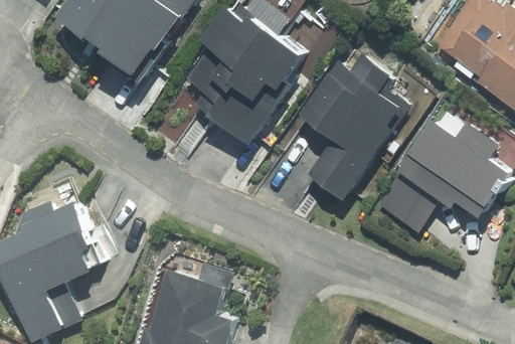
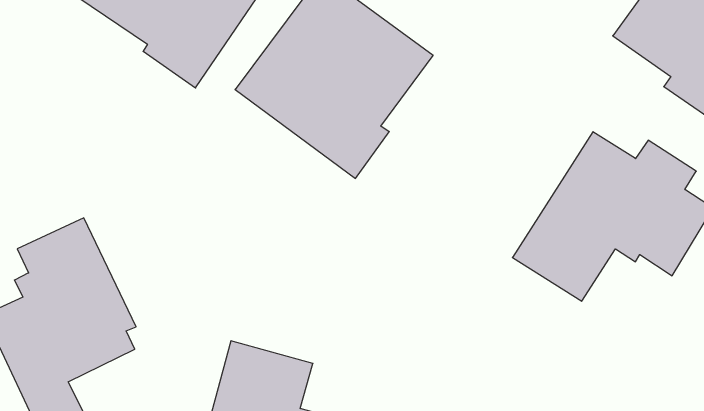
building: [298,49,404,196] -> none

